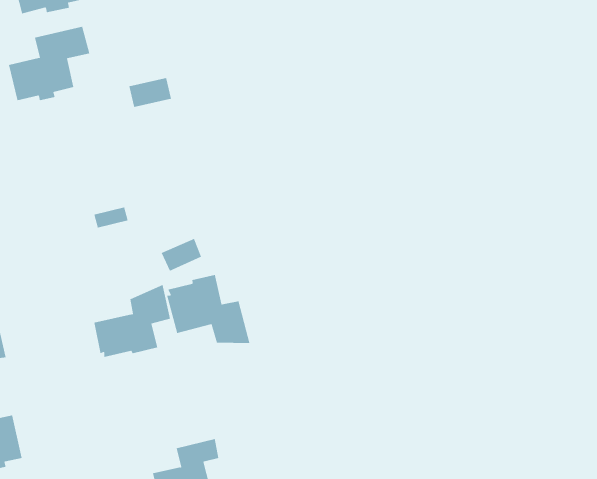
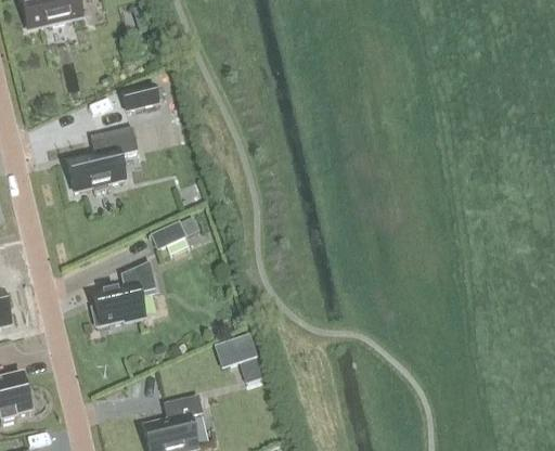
building: [8,26,90,101] -> [66,127,138,192]
building: [167,274,250,344] -> none
building: none -> [215,336,254,366]

